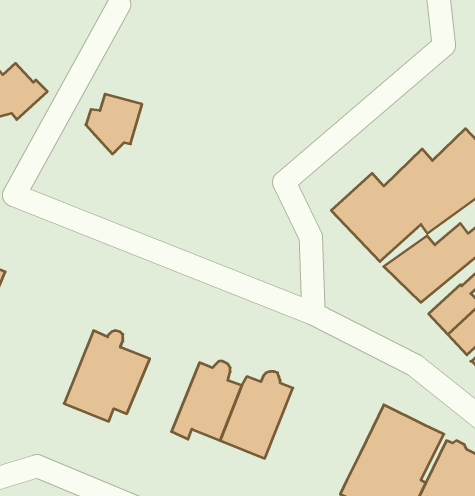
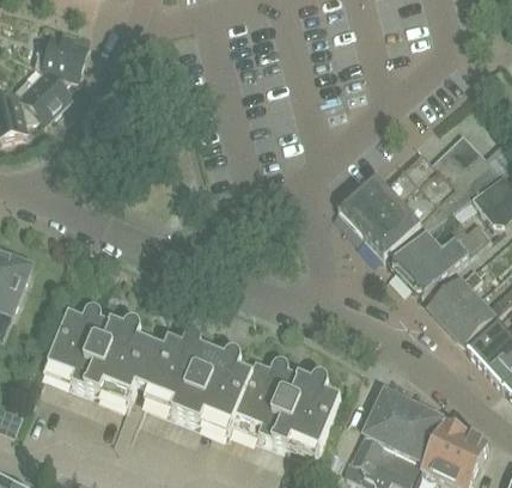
building: [86,94,142,154] -> [32,33,85,90]
building: none -> [43,305,114,390]
building: none -> [145,335,213,416]
building: none -> [274,376,340,459]

